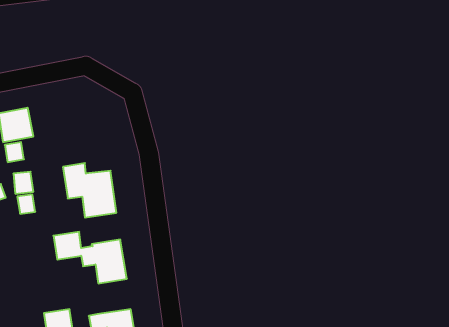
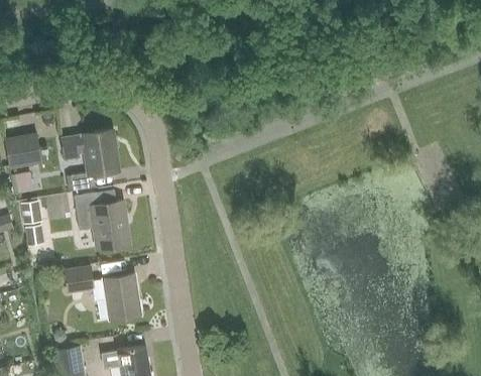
building: none -> [61,129,118,190]

